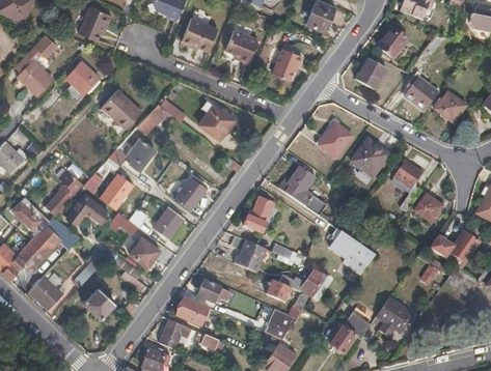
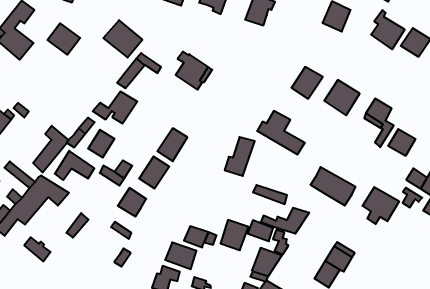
building: [102,89,142,129] -> [103,20,142,58]
building: [234,238,264,270] -> [220,220,248,250]
building: [84,286,116,317] -> none
building: [375,297,413,336] -> [362,187,399,224]

